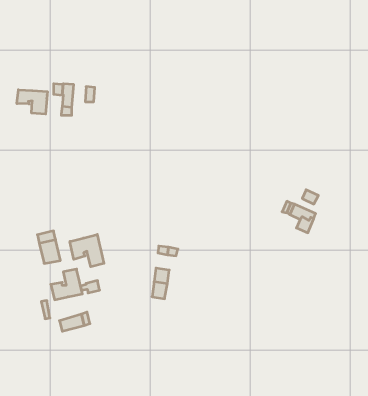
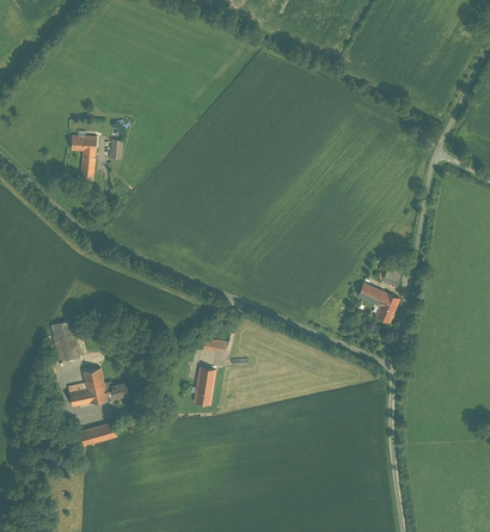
building: [17,90,47,114] -> none
building: [70,234,104,267] -> none

